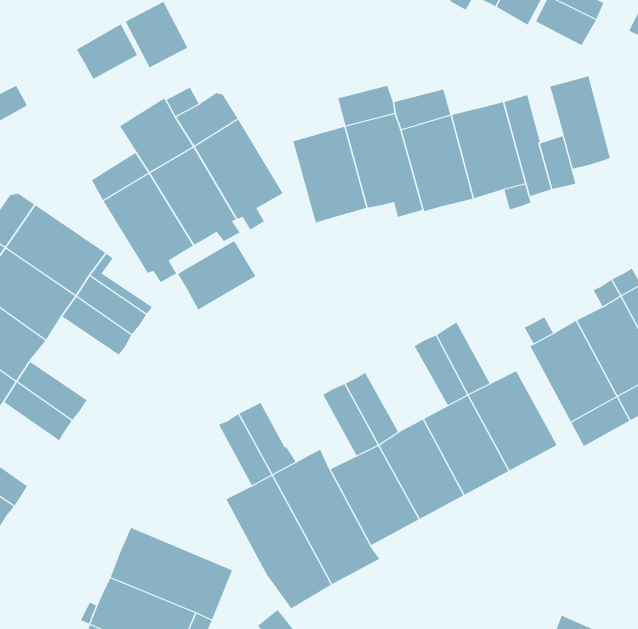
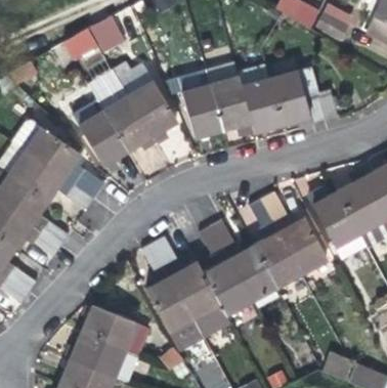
building: [549,76,610,169] -> none
building: [177,240,256,311] -> none

